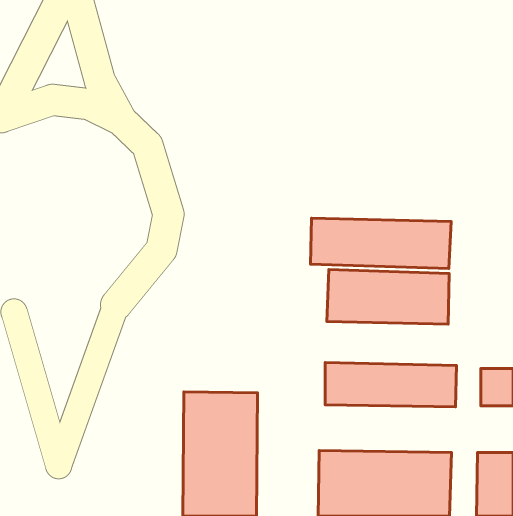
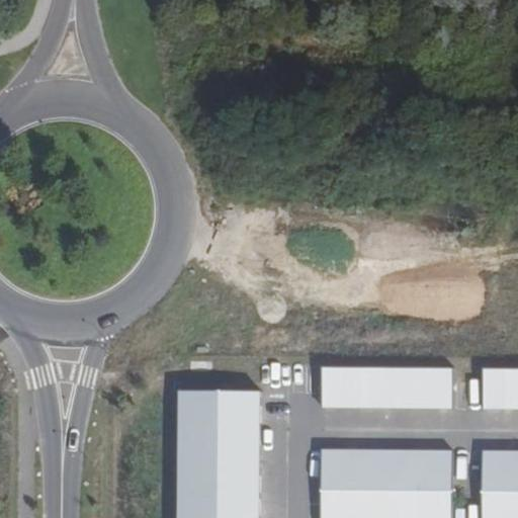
building: [310,218,451,269] -> none
building: [327,269,449,324] -> none

